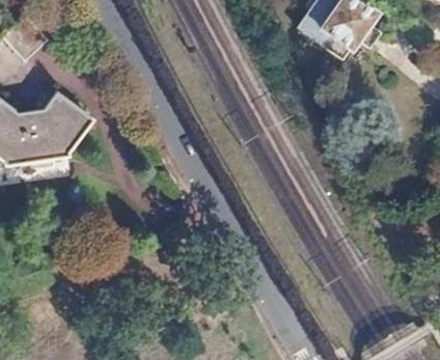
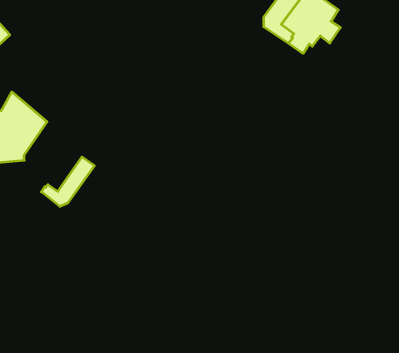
building: none -> [41,157,94,206]

